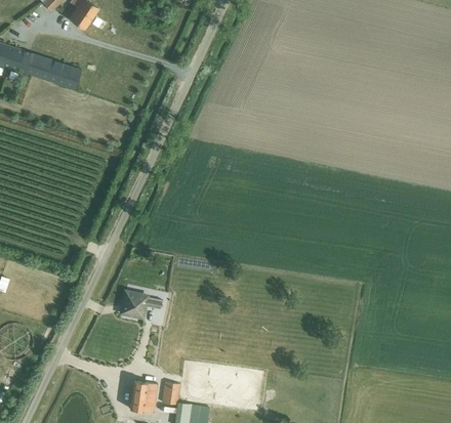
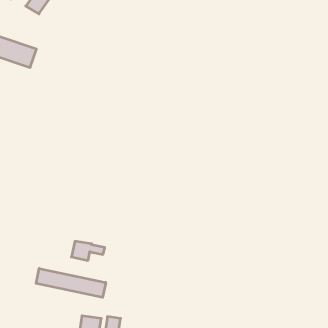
building: none -> [36,268,106,297]

